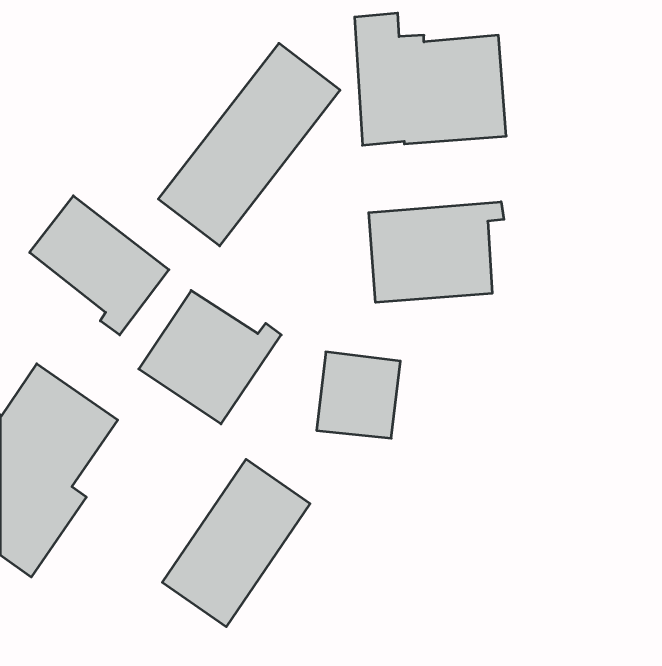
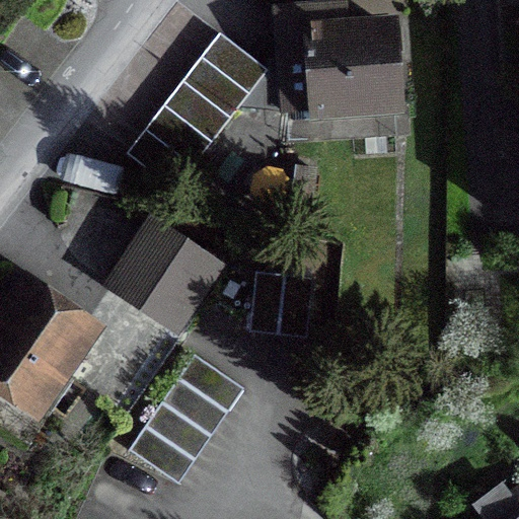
building: [30,196,169,335] -> none
building: [369,202,504,302] -> none

